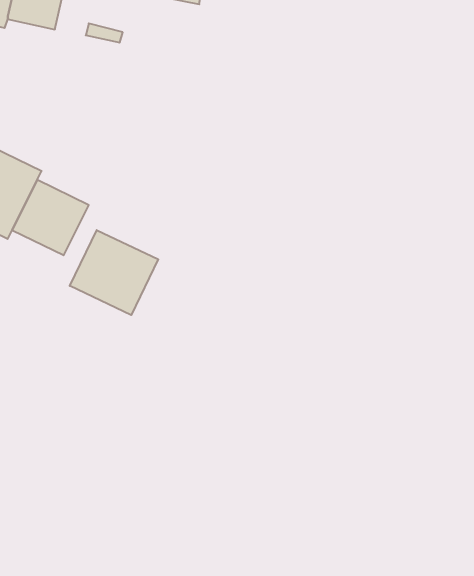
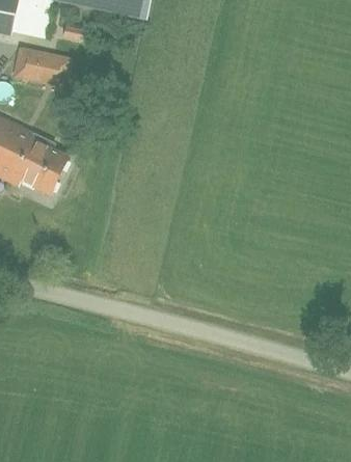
building: none -> [15,48,68,84]
building: [70,230,158,315] -> none

